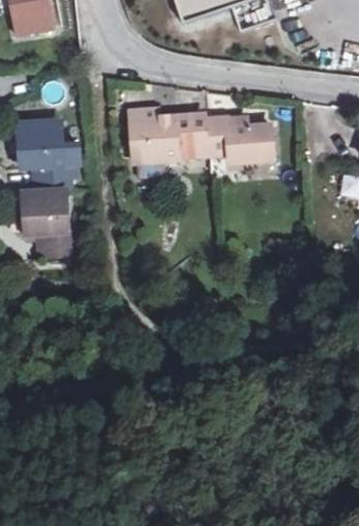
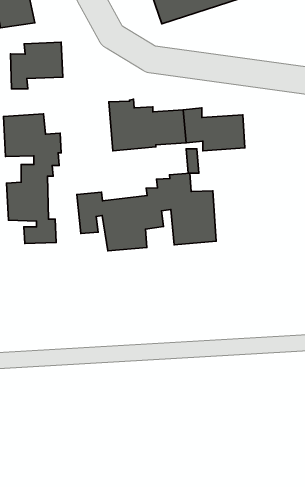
building: none -> [10,42,63,89]
building: none -> [77,173,216,251]

